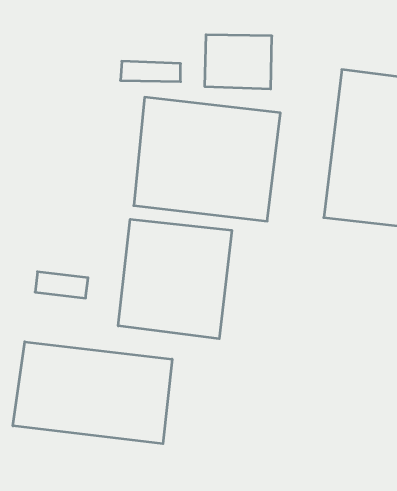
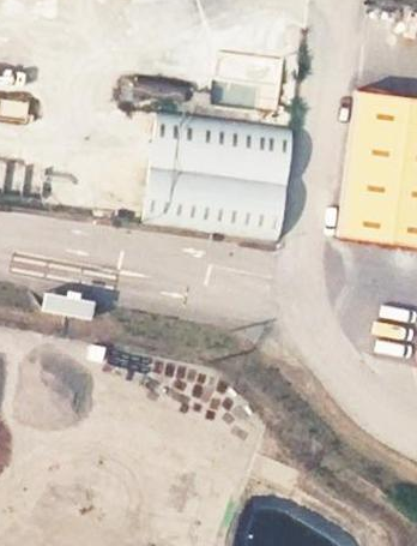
building: [118,219,232,339] -> none
building: [13,342,172,444] -> none

